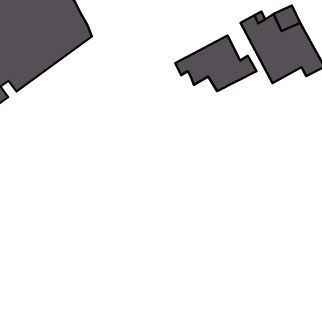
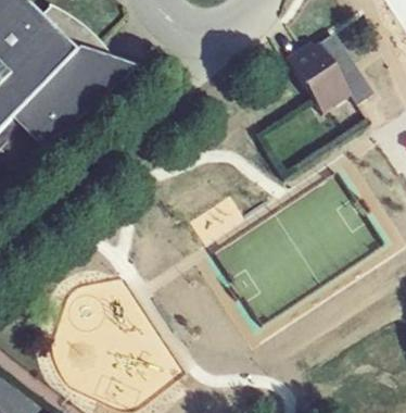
building: [175,35,256,91] -> none

